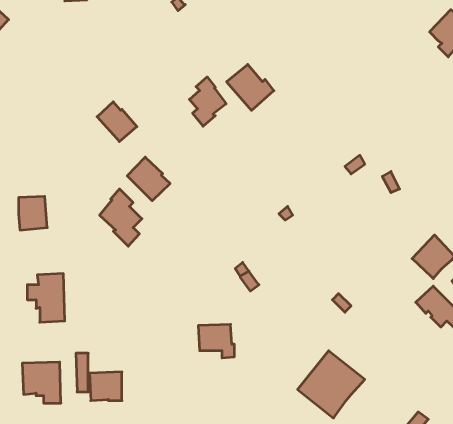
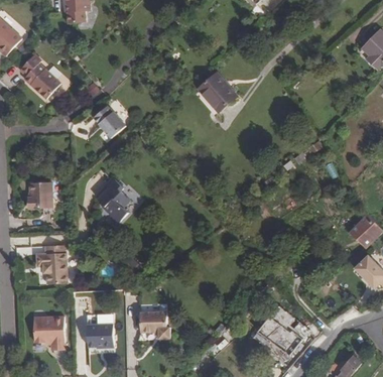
building: none -> [19,53,59,99]
building: [189,77,226,126] -> none
building: [127,157,170,201] -> none
building: [198,324,234,358] -> [139,310,168,338]

